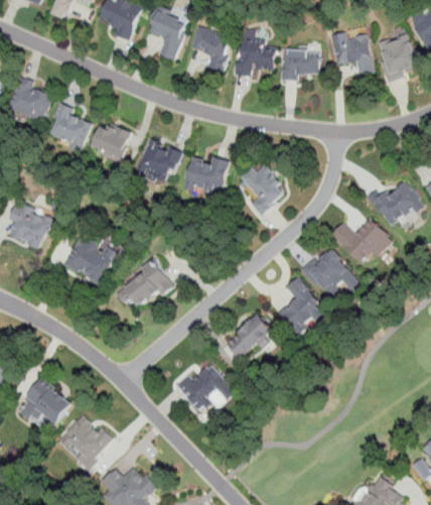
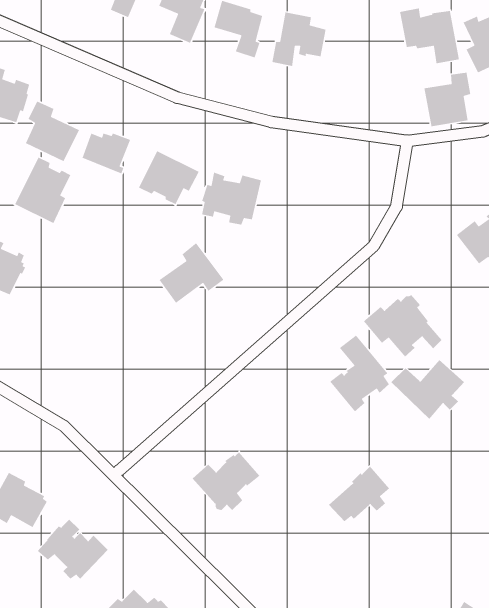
building: [280,49,318,81] -> none
building: none -> [423,72,471,127]
building: none -> [14,156,72,224]
building: [240,163,282,216] -> none
building: [331,218,387,263] -> [391,359,465,420]
building: [61,237,111,284] -> none
building: [123,258,172,304] -> [158,242,224,304]
building: [225,313,271,356] -> [328,466,390,522]

